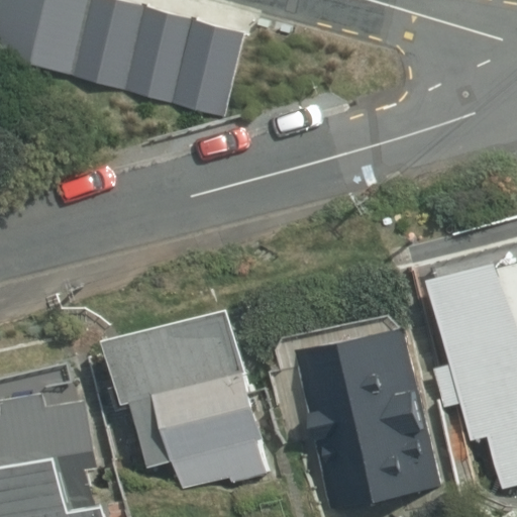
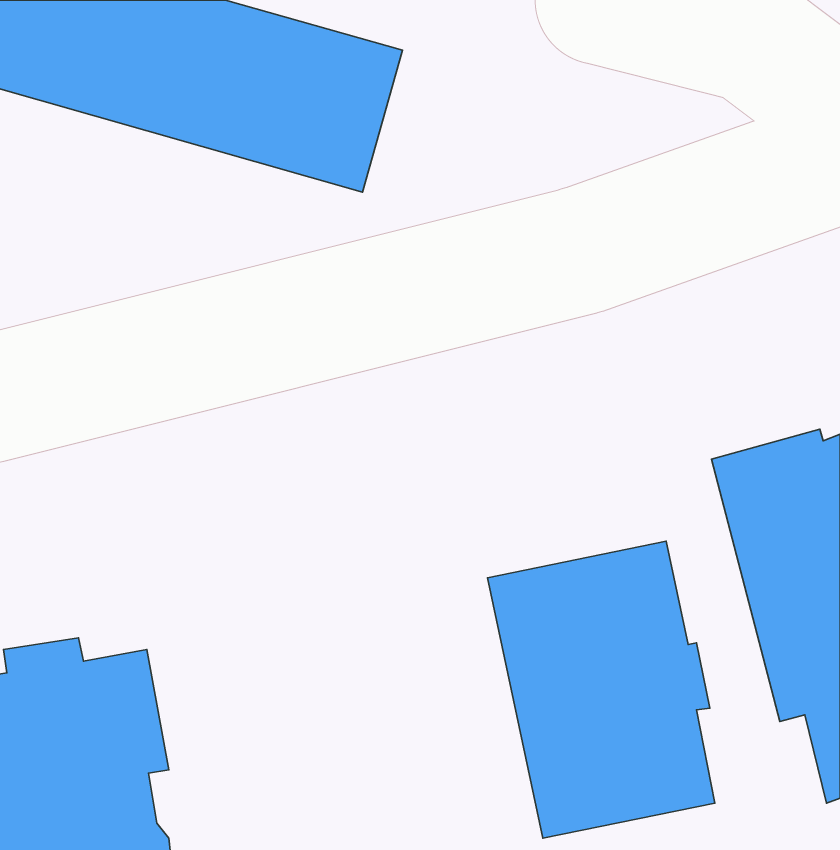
building: [106,308,268,490] -> none

